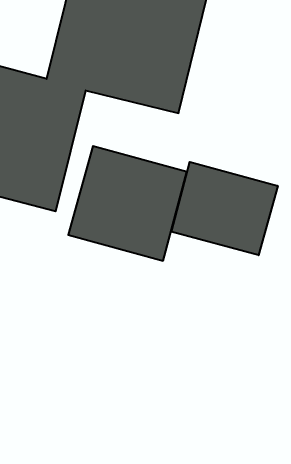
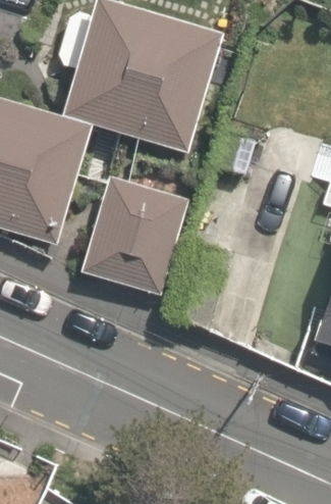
building: [171,162,278,255] -> none

